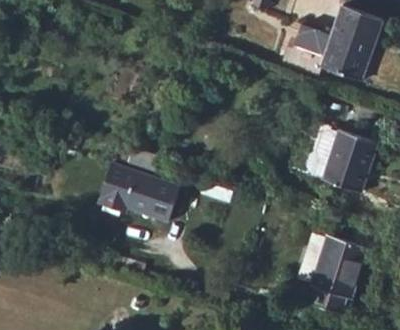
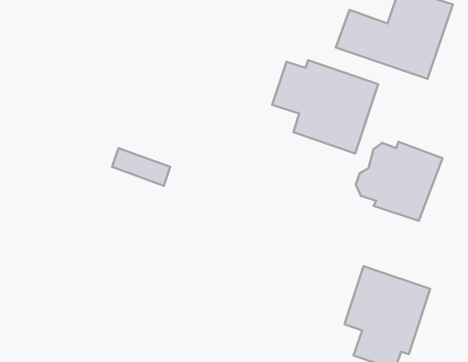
building: none -> [272,60,378,153]
building: [97,159,179,219] -> none

